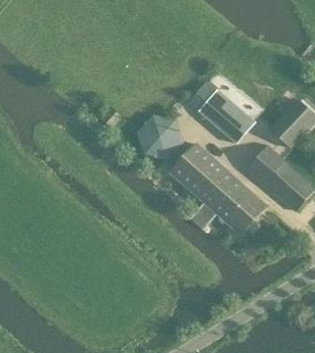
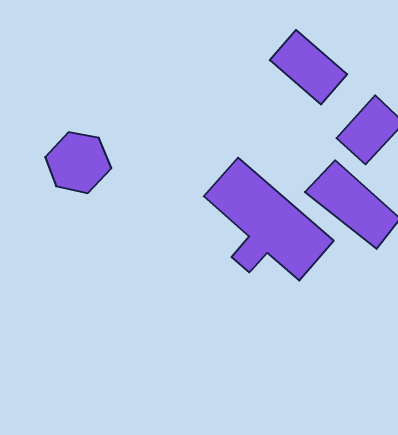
building: [197,89,255,144] -> [270,30,347,105]
building: [144,118,193,163] -> [45,132,111,193]

